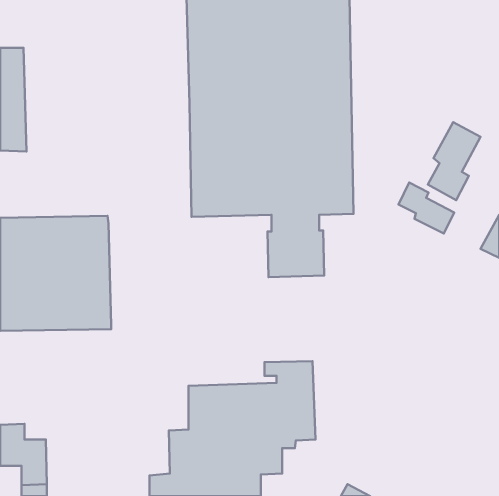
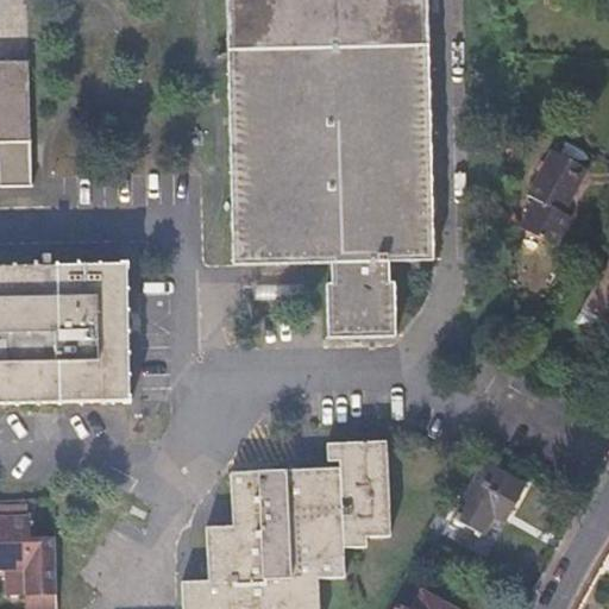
building: [398,182,454,233] -> none
building: none -> [458,465,528,541]

